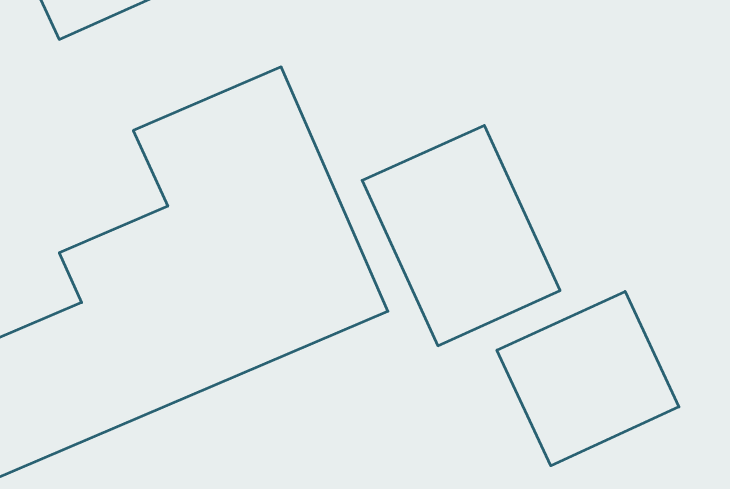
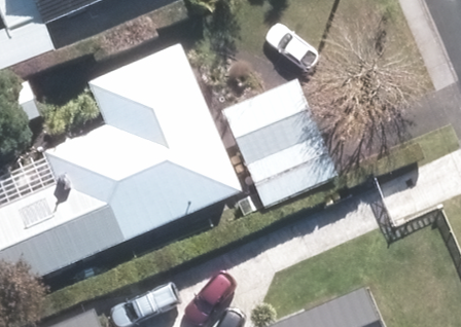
building: [497,291,679,466] -> none

